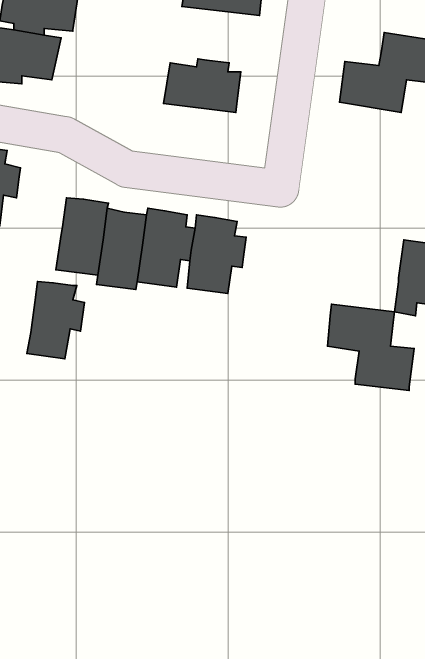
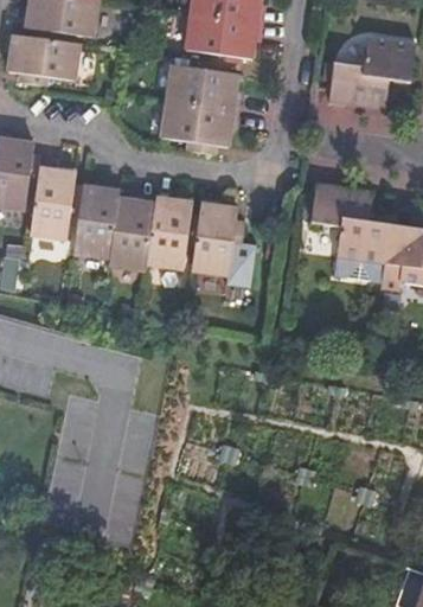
building: none -> [181,12,257,64]
building: none -> [165,100,236,151]
building: [27,281,85,359] -> [31,166,83,236]
building: [328,304,414,391] -> [309,183,387,261]

